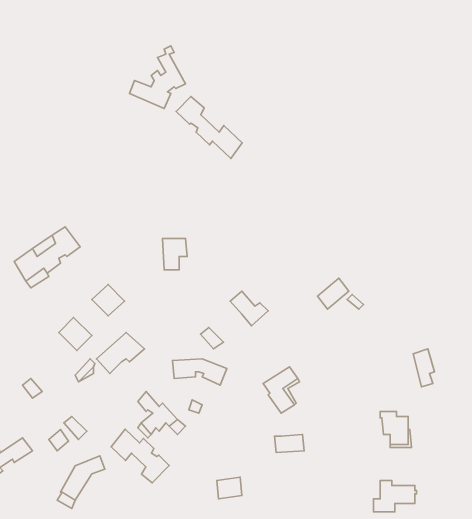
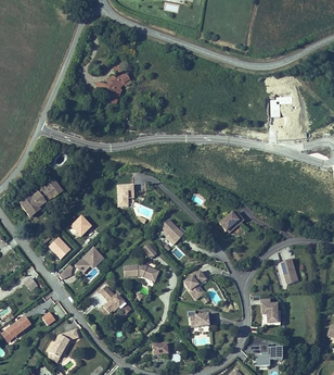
building: [176,97,242,158] -> none
building: [111,429,169,483] -> none

